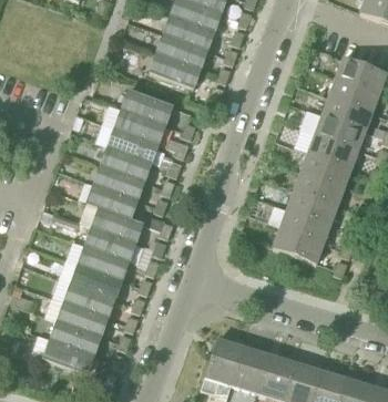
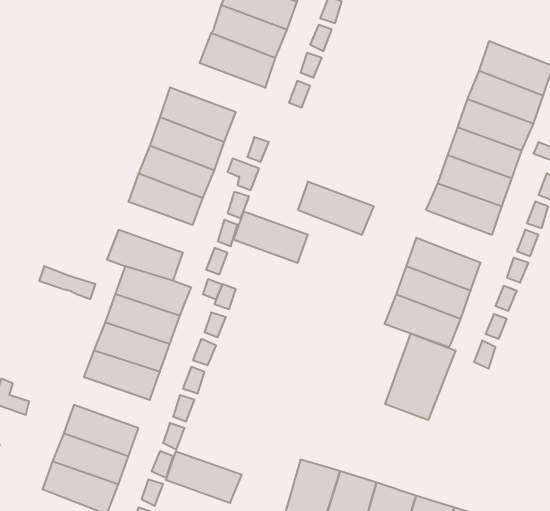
building: [93,165,143,199] -> [233,212,308,263]
building: [293,171,344,206] -> [298,182,374,235]
building: none -> [385,333,455,420]
building: [63,282,114,317] -> [166,452,242,503]

